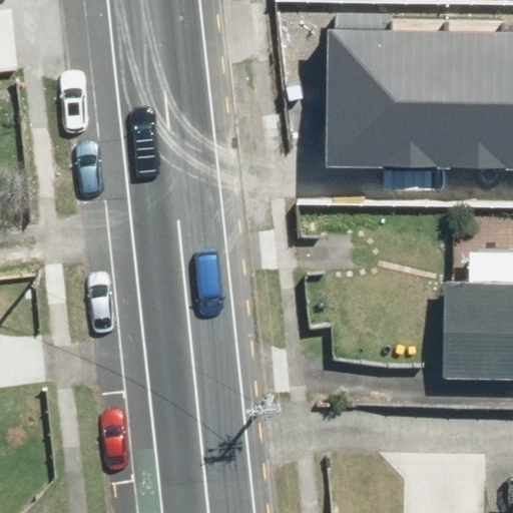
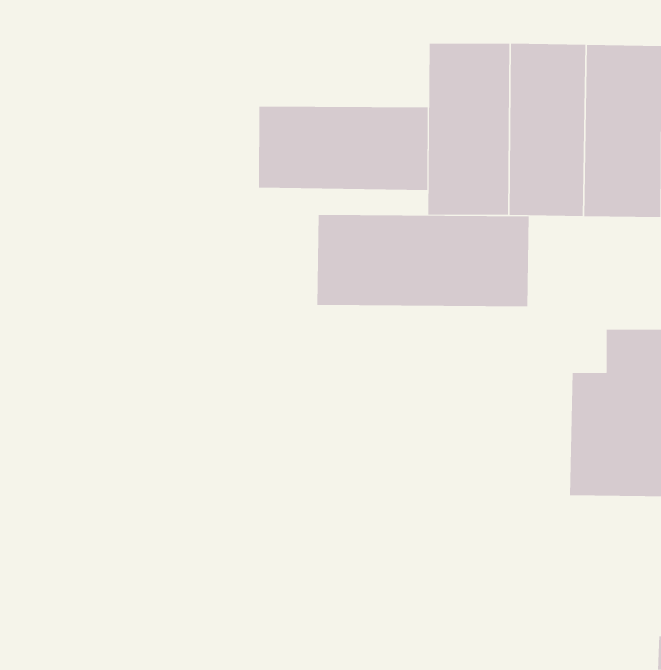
building: none -> [258,106,428,191]
building: none -> [317,214,529,307]

